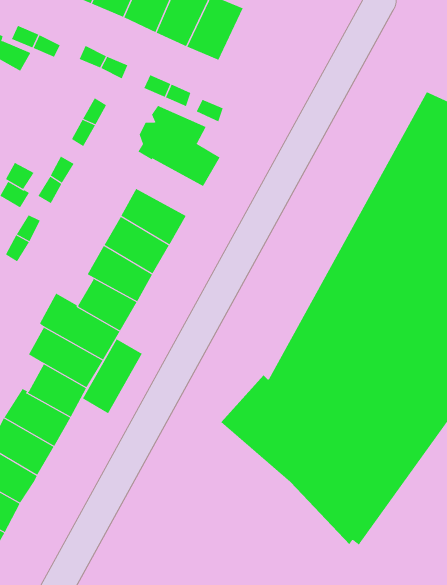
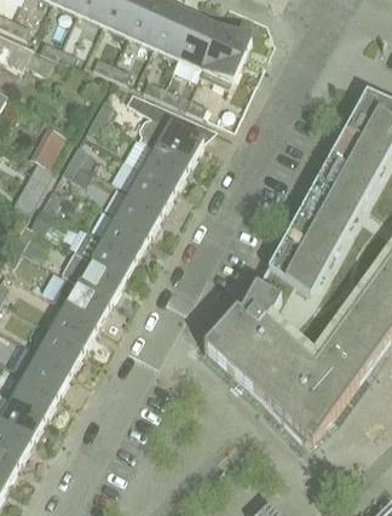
building: none -> [197,25,249,86]
building: none -> [136,144,189,189]
building: [82,338,142,414] -> none

